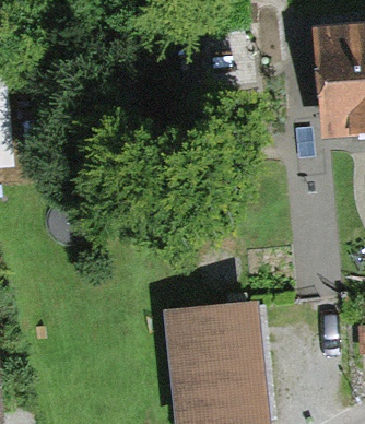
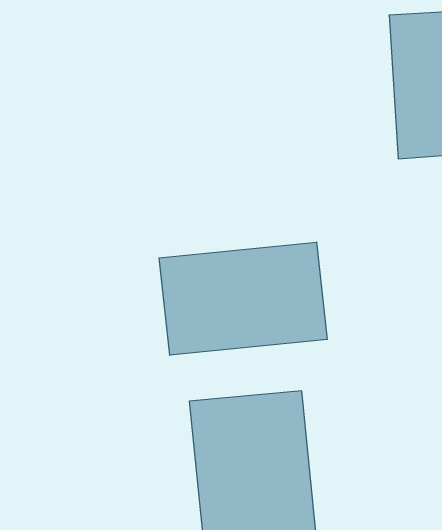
building: none -> [159,242,327,355]

